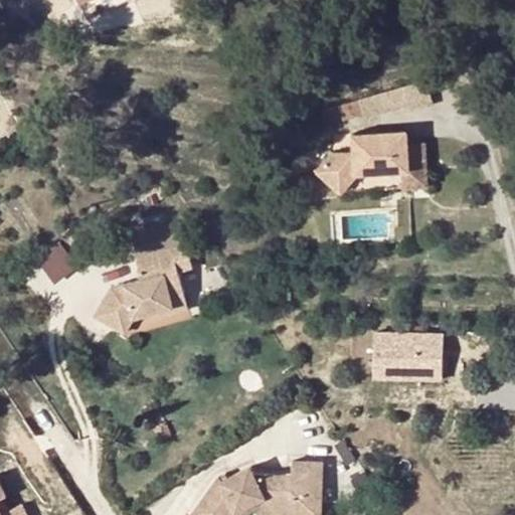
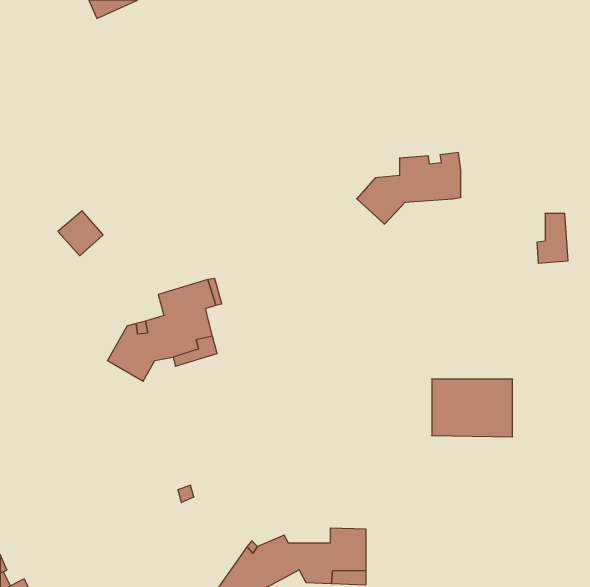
building: [394,151,421,194] -> [537,213,568,263]
building: [40,245,79,285] -> [58,211,103,256]

